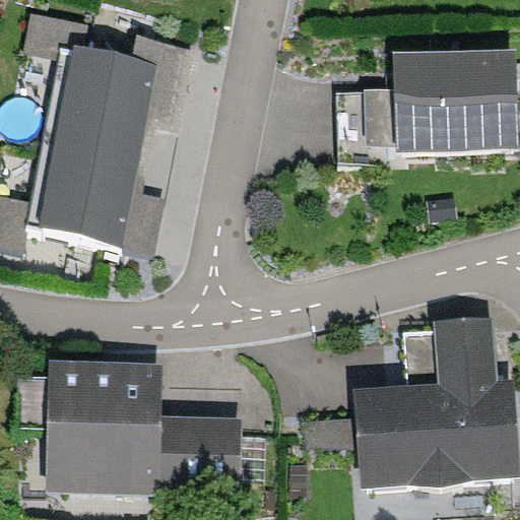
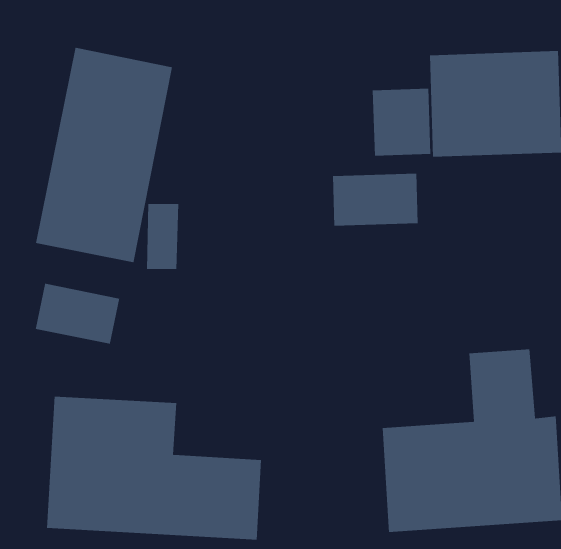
building: none -> [333,173,418,227]
building: none -> [35,283,120,345]

